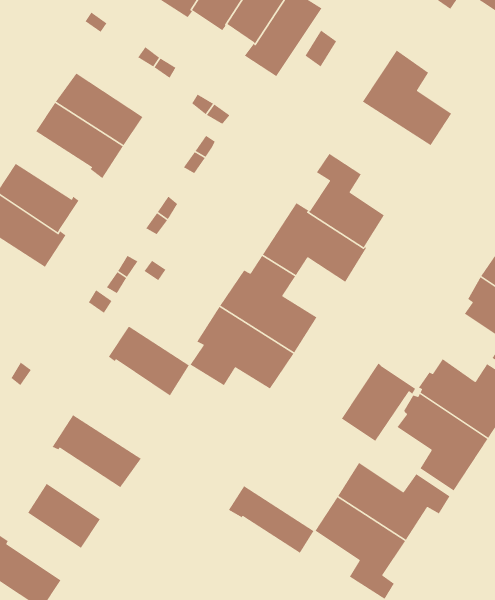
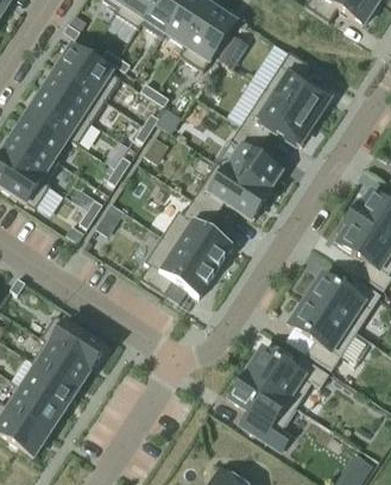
building: none -> [57,44,120,99]
building: none -> [240,88,314,144]
building: none -> [13,109,68,158]
building: [108,326,190,396] -> [30,339,89,390]
building: [341,363,416,442] -> none
building: [228,485,314,554] -> none
building: none -> [7,385,61,434]

